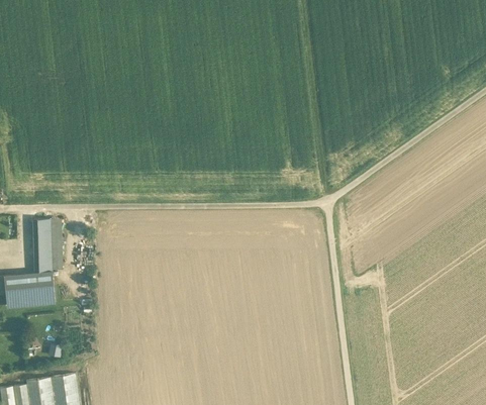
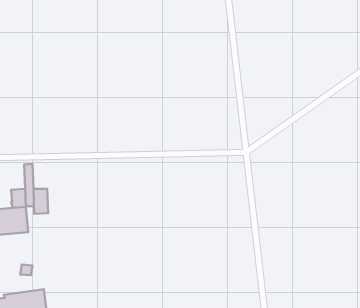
building: [33,220,52,251] -> [33,189,48,214]

